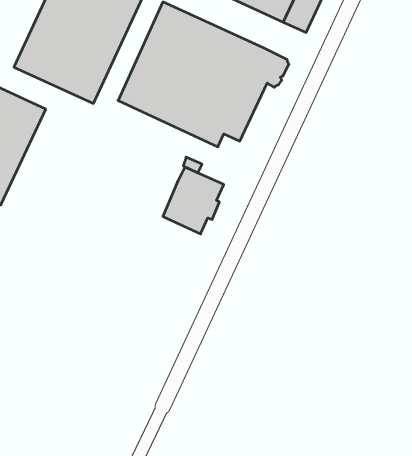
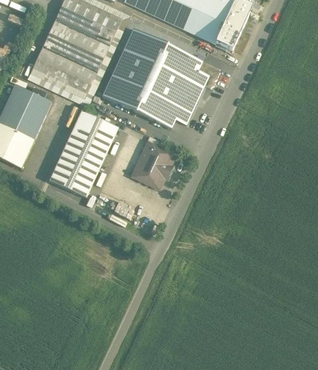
building: none -> [49,110,118,197]

